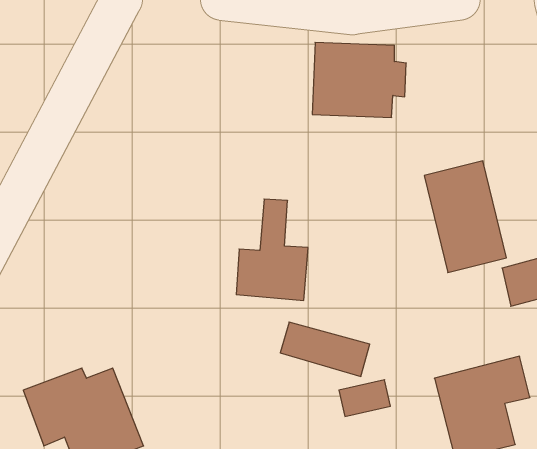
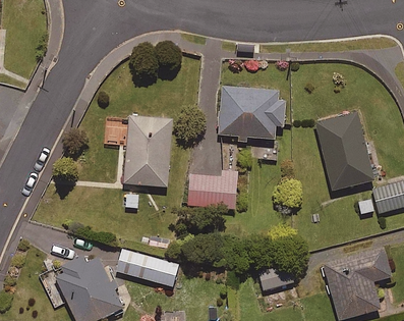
building: [312,42,406,117] -> [219,87,284,139]
building: none -> [123,115,171,186]
building: [280,322,370,376] -> [115,249,177,286]

